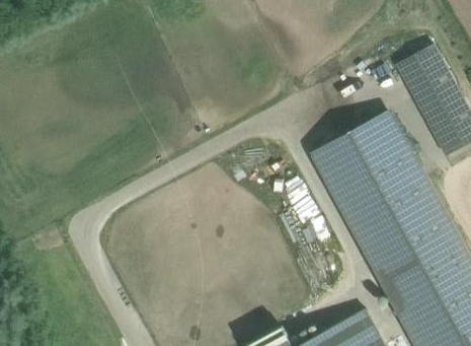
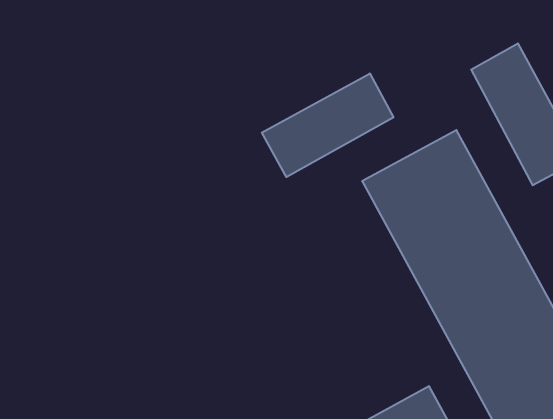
building: none -> [262,73,393,177]

